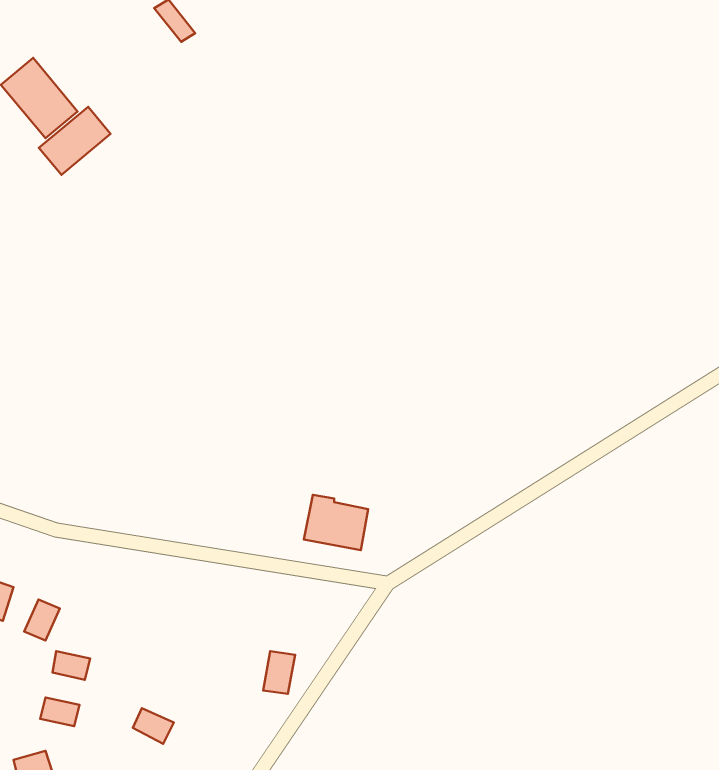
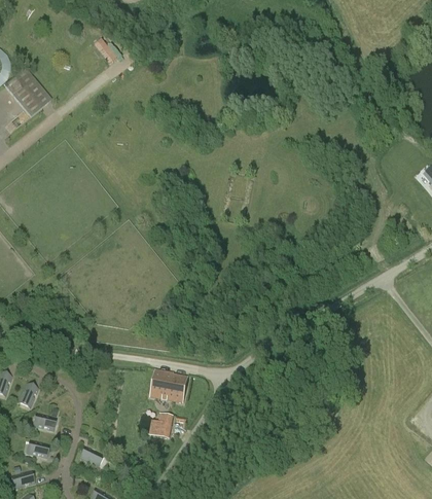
building: [39,107,111,175] -> none
building: [304,495,368,550] -> [150,369,187,401]

